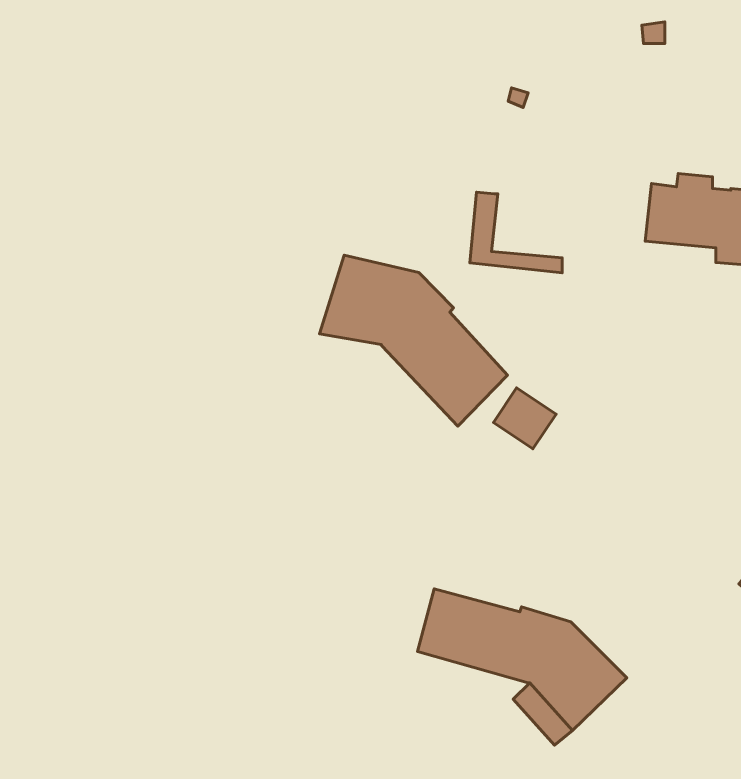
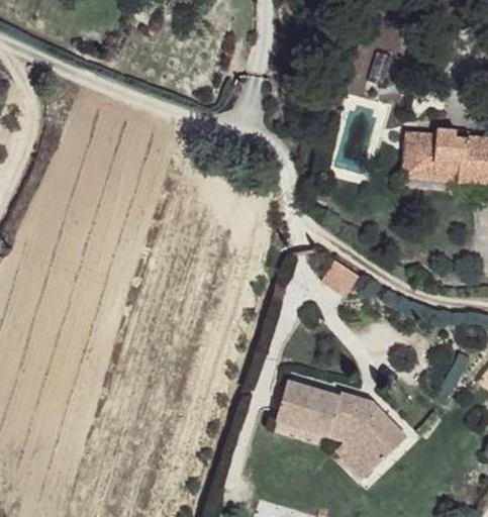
building: [470,192,562,273] -> [404,132,461,182]
building: [320,255,507,426] -> none

